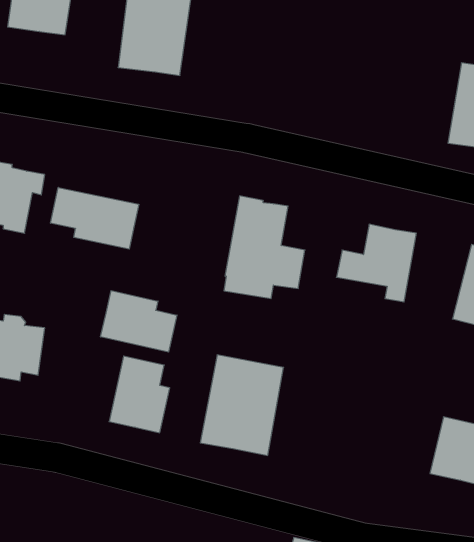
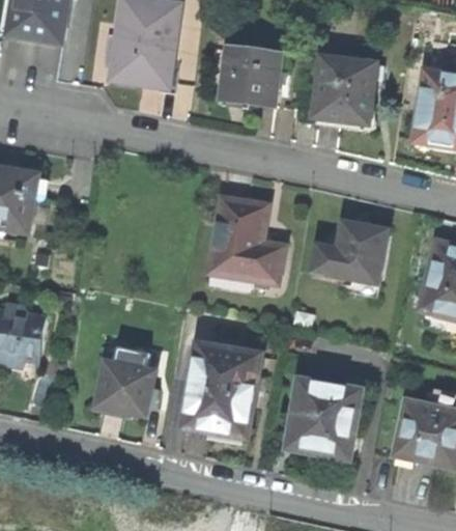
building: none -> [208,48,279,106]
building: none -> [313,57,375,132]
building: [51,187,139,249] -> none
building: [101,291,177,352] -> none
building: none -> [290,374,364,453]

